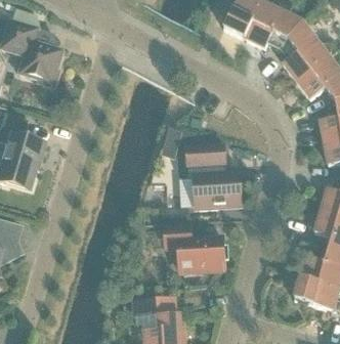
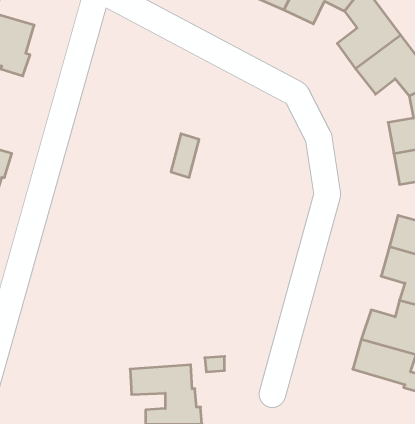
building: [185,144,241,206] -> none
building: [163,225,223,271] -> none

